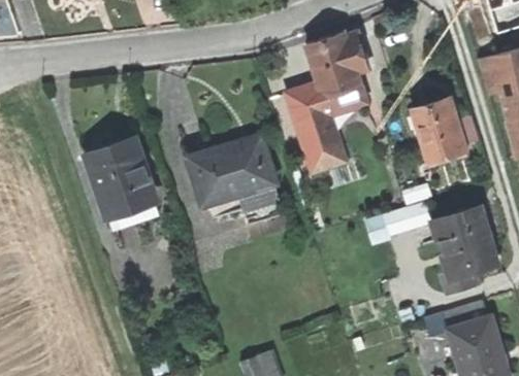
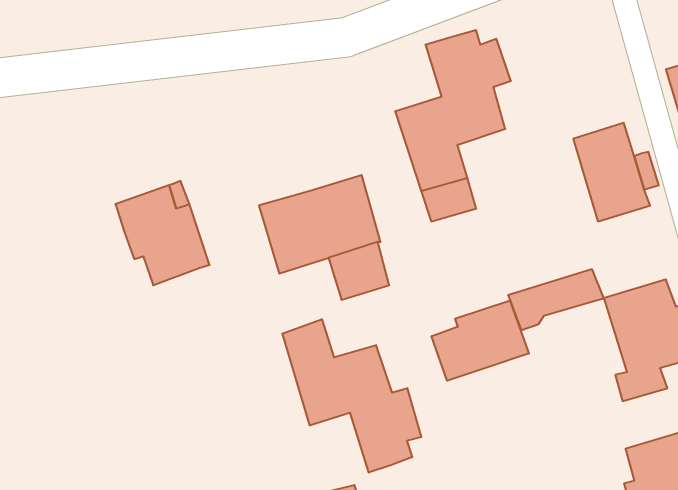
building: [91,175,151,229] -> none
building: none -> [432,300,529,381]
building: none -> [282,319,421,473]
building: [427,301,483,333] -> none

